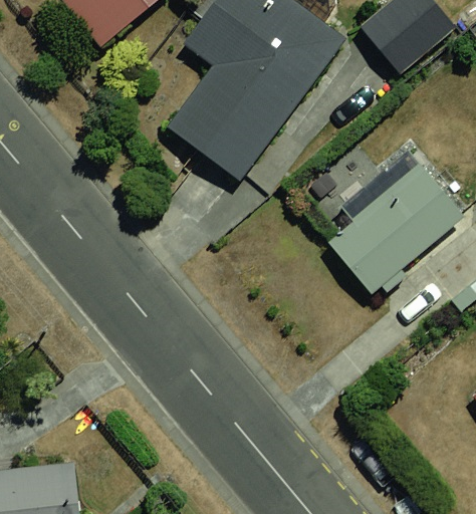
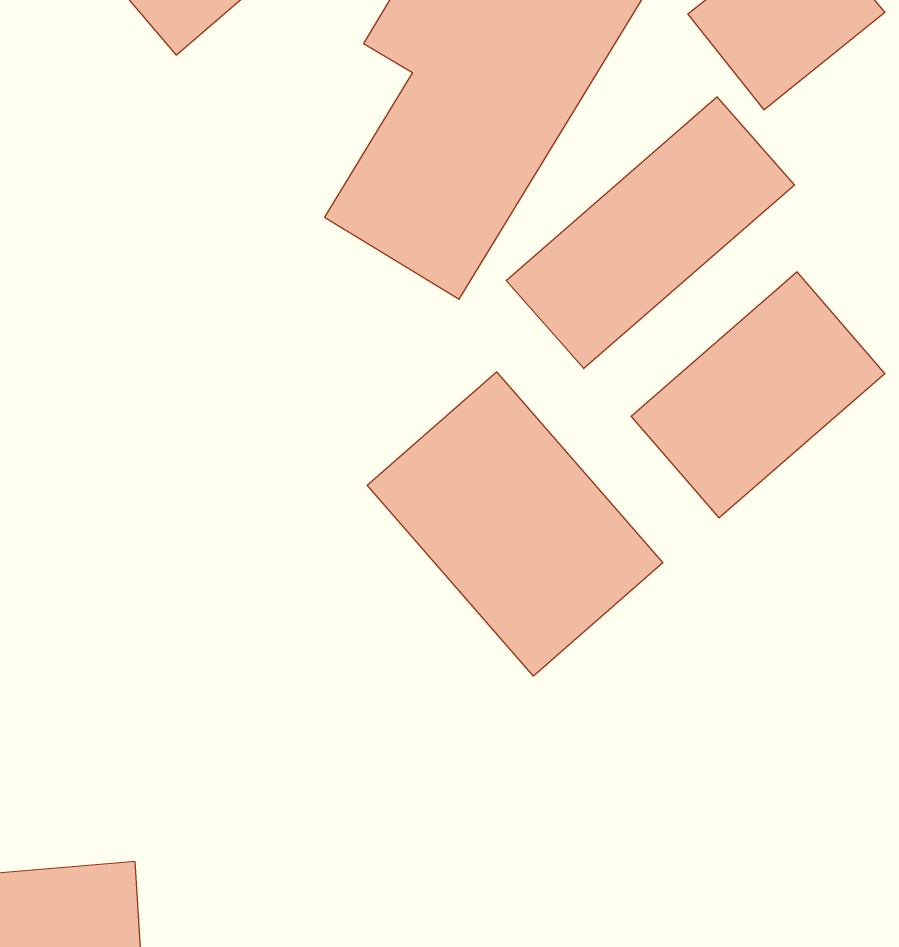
building: none -> [506,97,794,369]
building: none -> [367,372,663,676]

